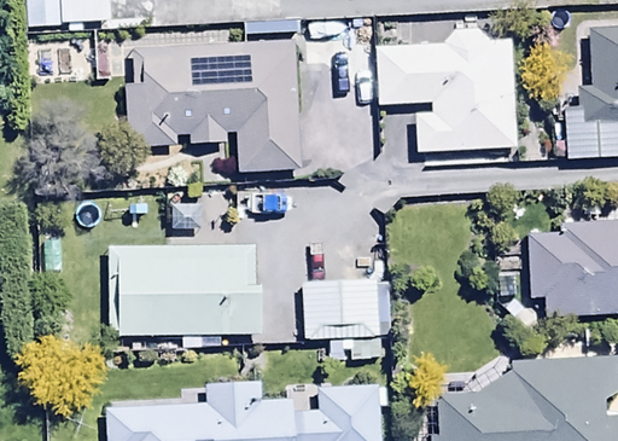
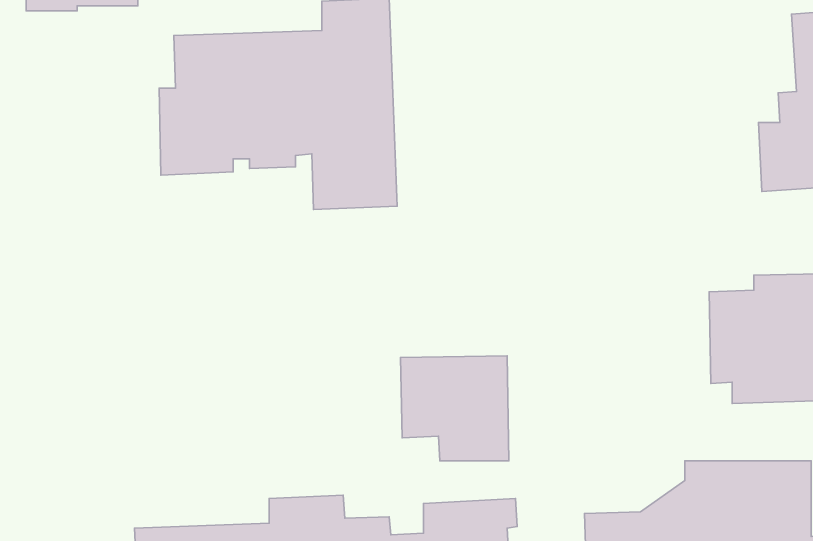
building: [377,25,518,150] -> none
building: [110,244,261,335] -> none

